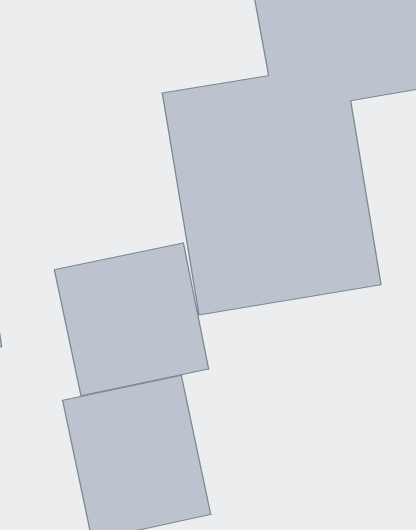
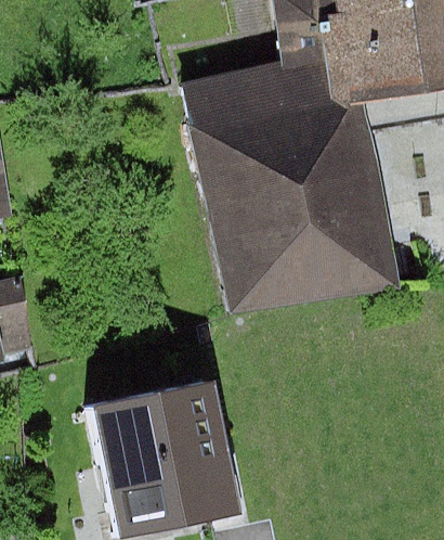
building: [55,243,209,396] -> none

